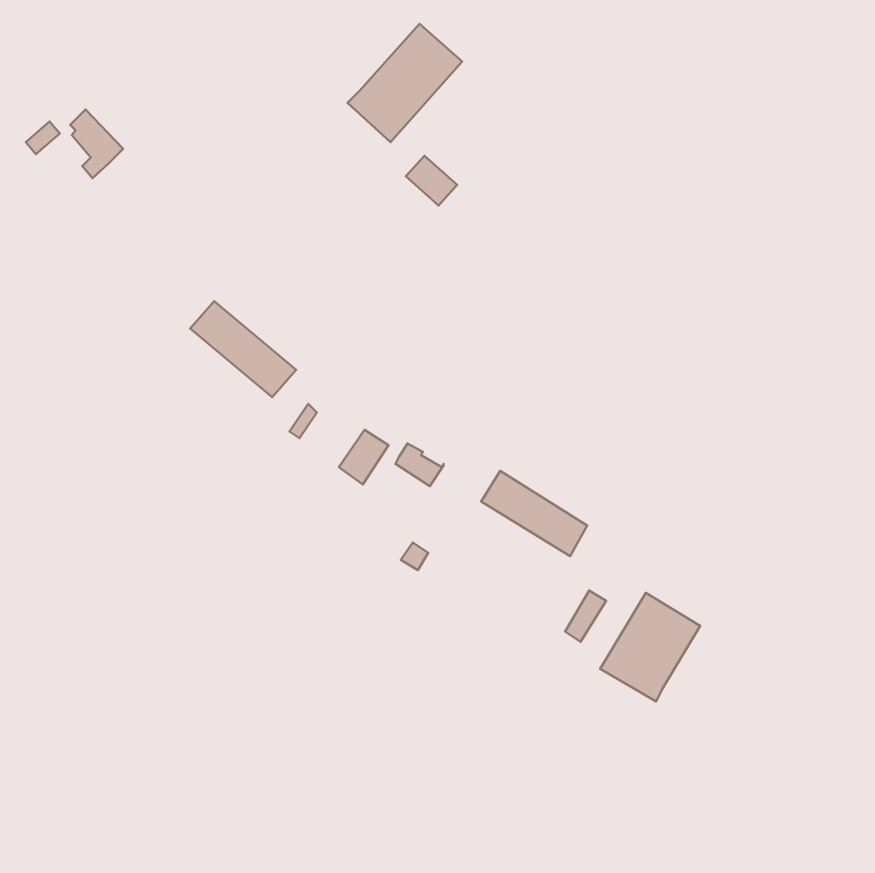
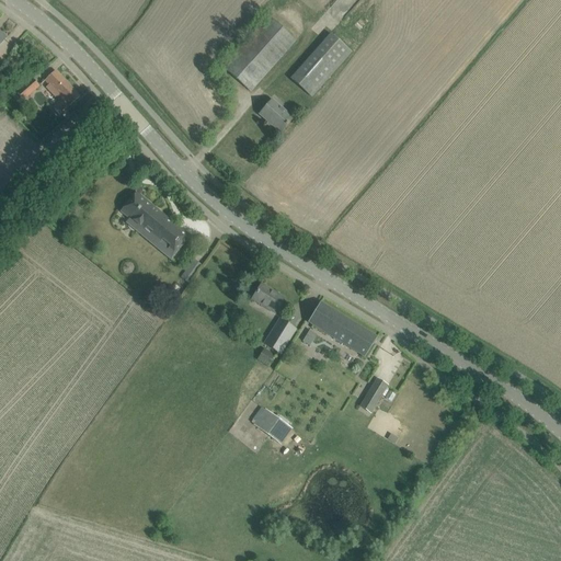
building: none -> [289,32,351,96]
building: [339,430,389,484] -> [264,318,296,353]
building: [600,593,700,702] -> none
building: none -> [254,409,288,440]

